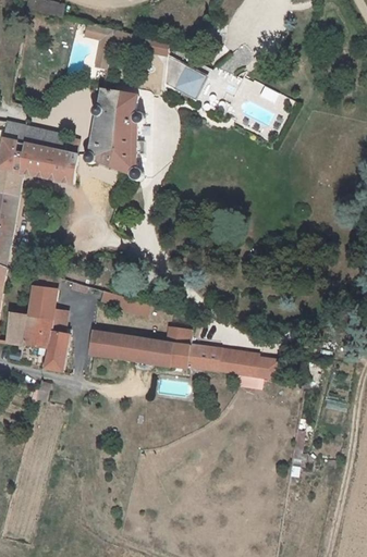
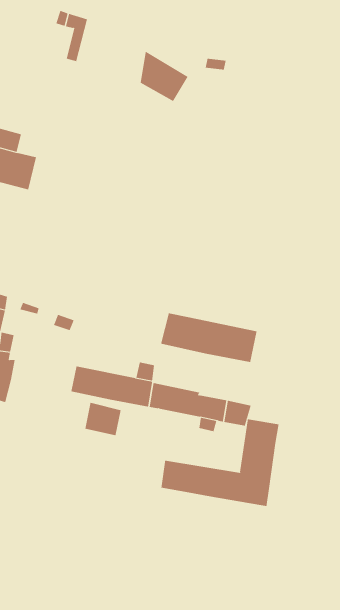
building: [83,88,142,177] -> none
building: none -> [161,313,257,363]
building: [89,330,121,358] -> [85,402,121,436]
building: none -> [161,419,279,507]

